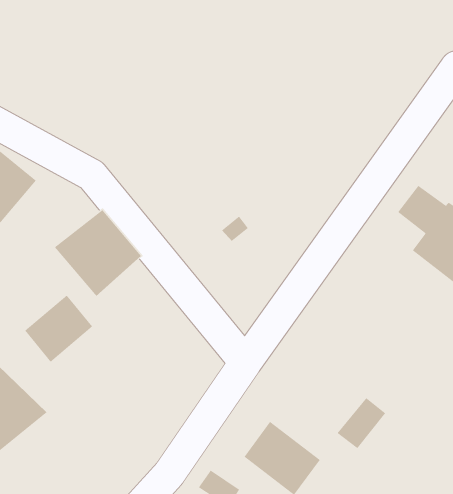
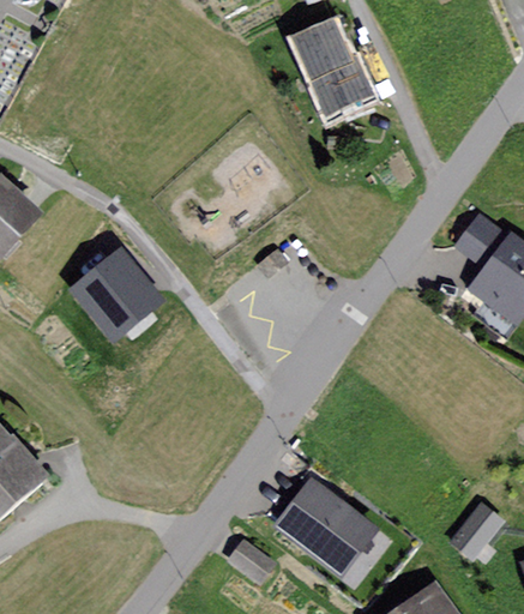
building: none -> [291,20,377,122]
building: [24,294,93,363] -> none
building: [336,397,386,449] -> [446,501,502,560]

